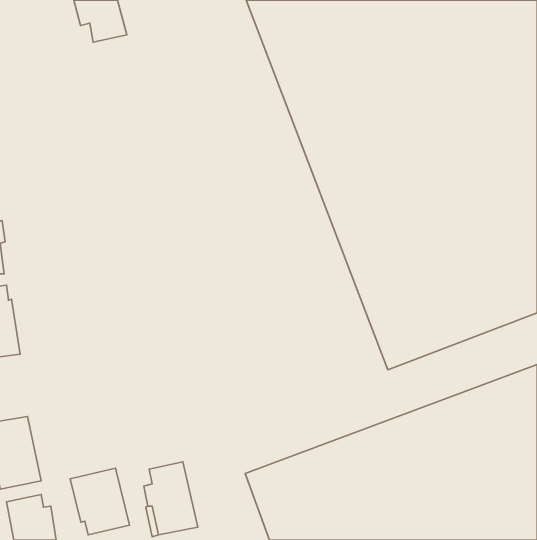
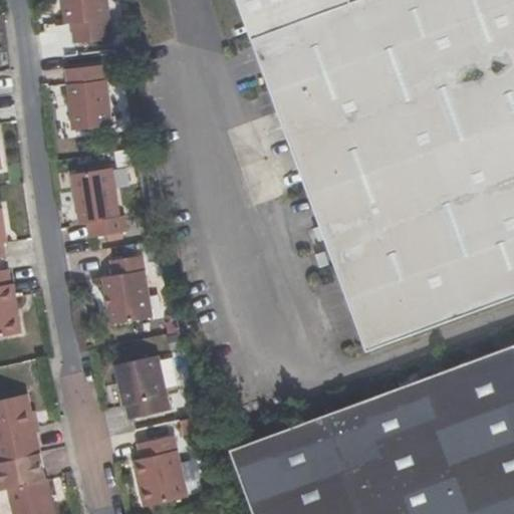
building: none -> [65,64,113,135]
building: none -> [74,172,125,240]
building: none -> [97,252,151,338]
building: [70,468,129,535] -> [115,358,172,422]

